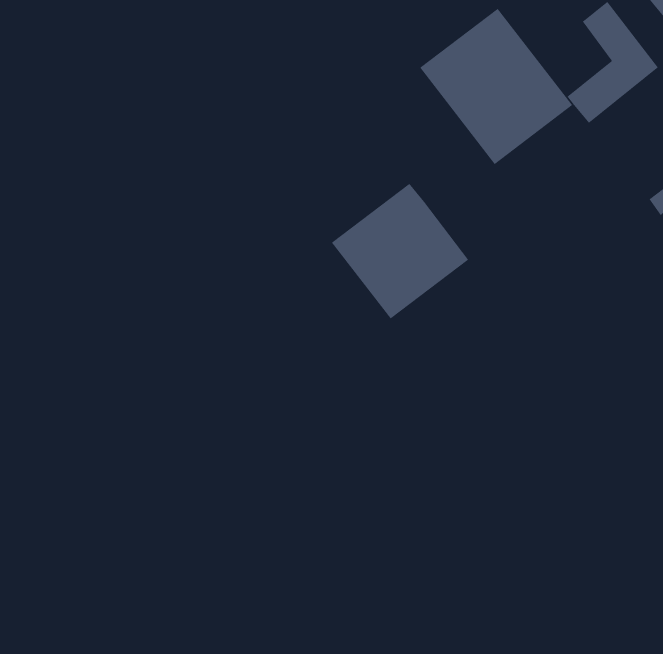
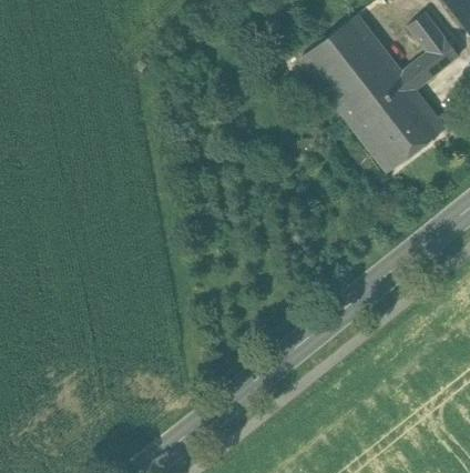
building: [331,183,469,320] -> [351,79,441,168]

